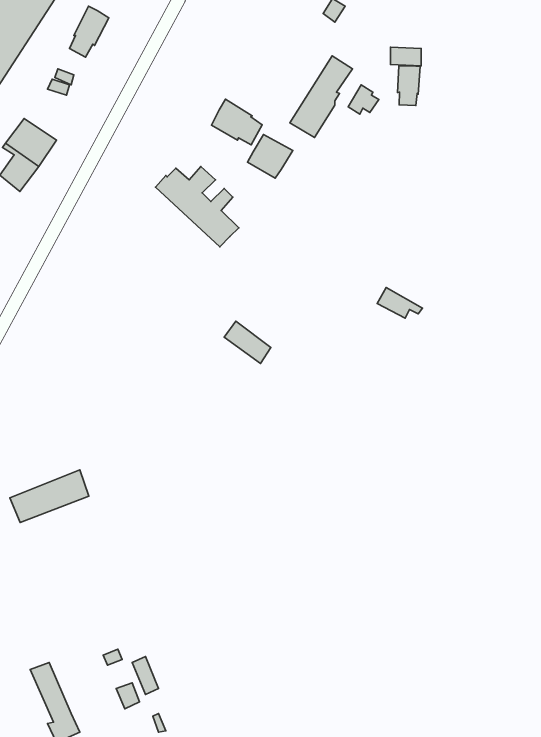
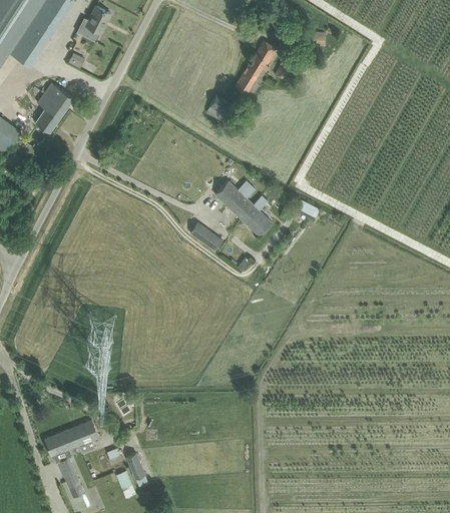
building: [398,66,420,105] -> none
building: [211,99,262,145] -> none
building: [156,167,239,247] -> [213,180,271,235]
building: [10,470,89,522] -> [43,420,97,456]

